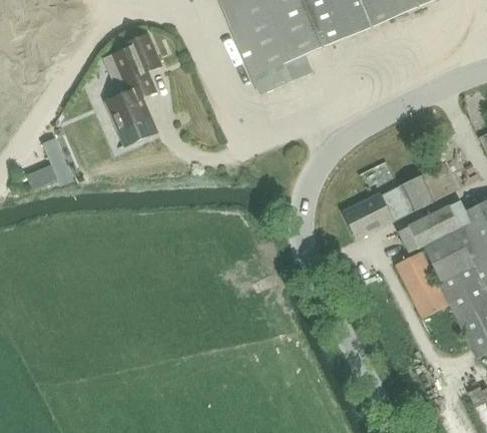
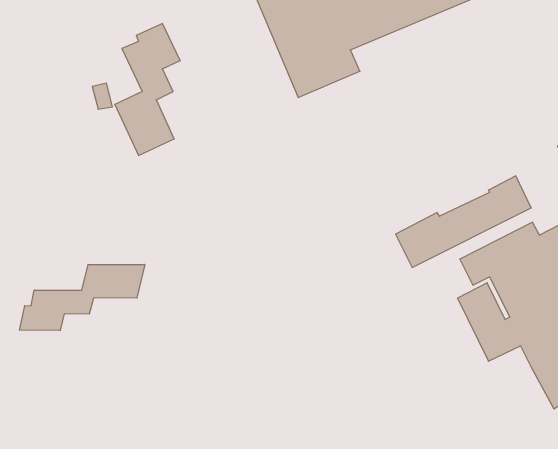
building: [27,136,74,190] -> none
building: none -> [19,264,145,331]

